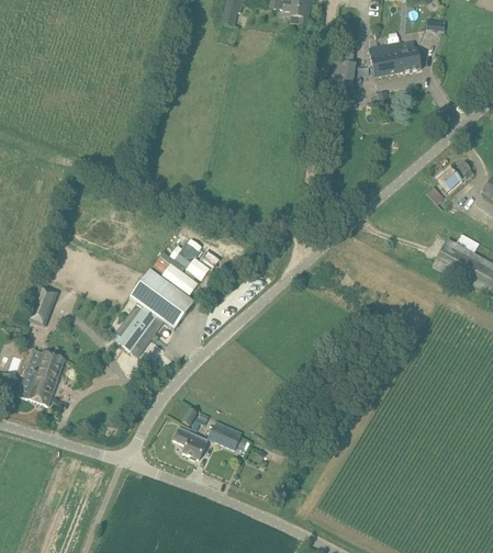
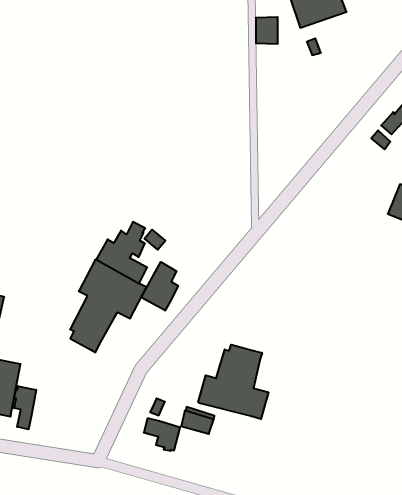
building: none -> [141,262,178,311]
building: none -> [198,345,268,419]
building: none -> [14,386,36,429]

